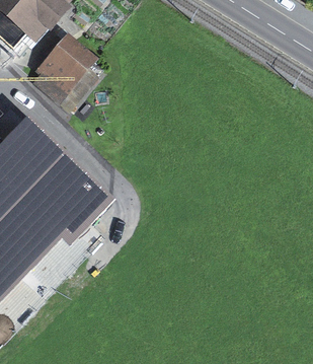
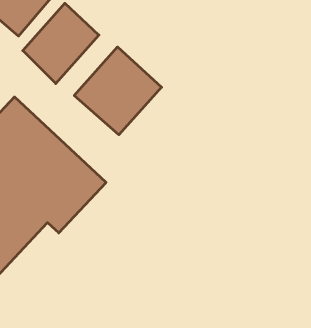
building: none -> [74,47,162,135]

